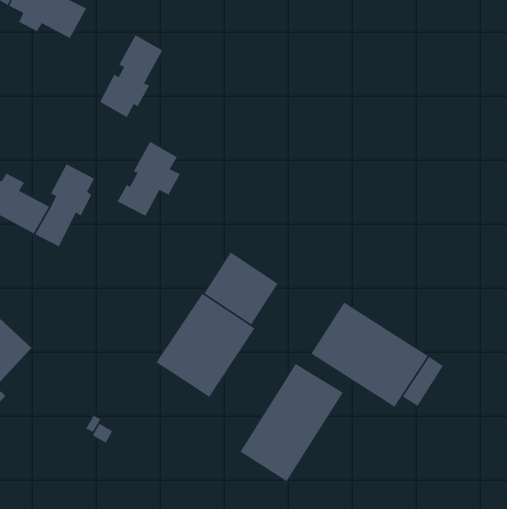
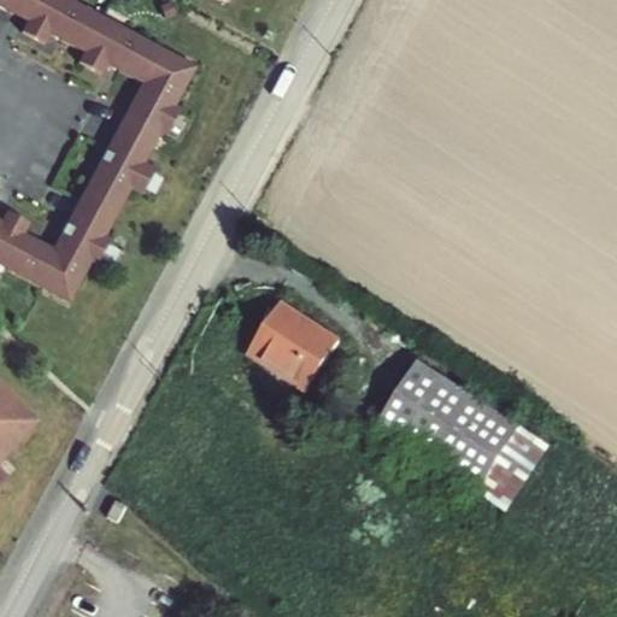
building: none -> [80,10,163,78]
building: [117,141,181,217] -> [80,123,157,215]
building: [155,293,255,398] -> none
building: [239,363,344,482] -> none

